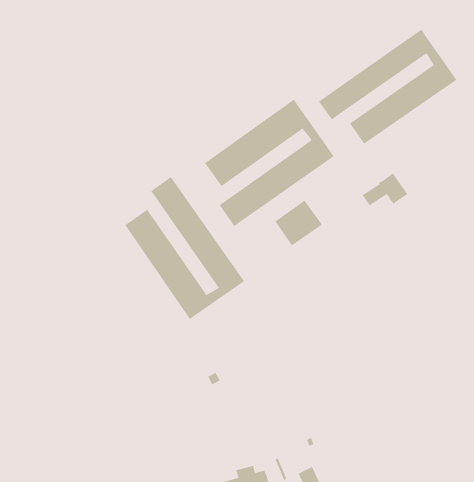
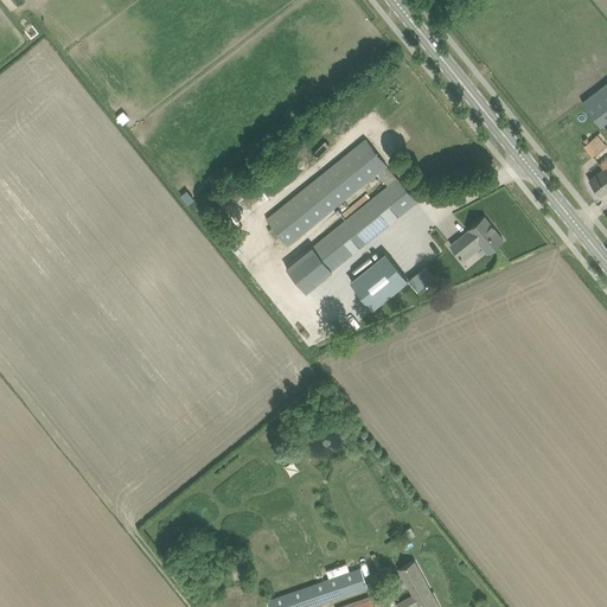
building: [318,29,457,145] -> none
building: [124,176,245,320] -> none

